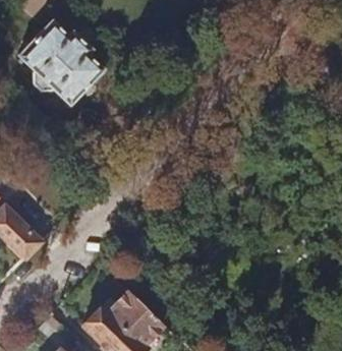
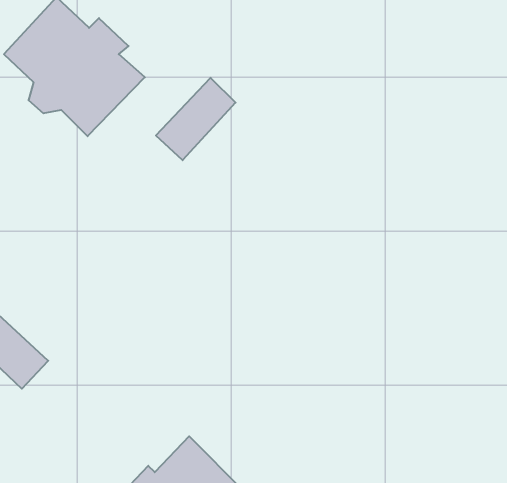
building: none -> [156,78,236,160]

